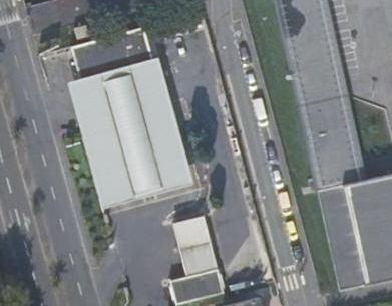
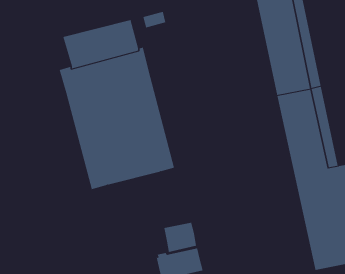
building: [174,214,210,246] -> none

